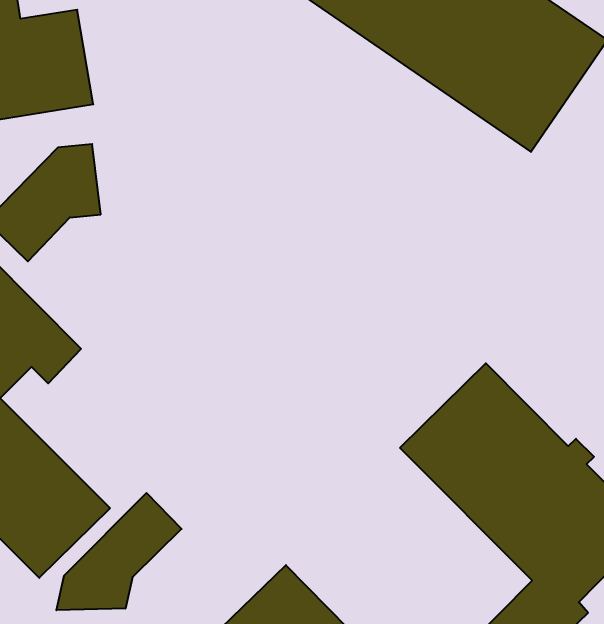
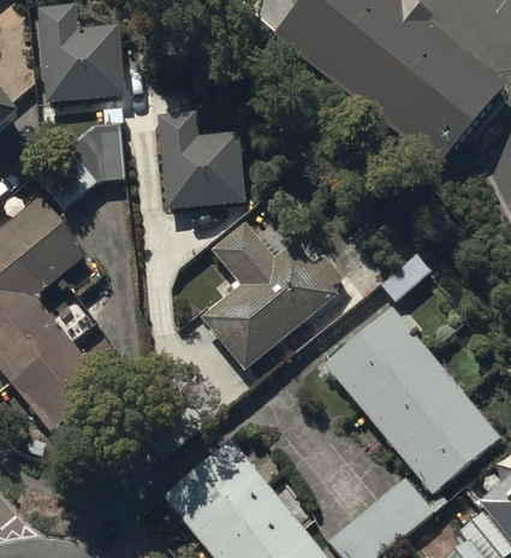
building: none -> [158,105,246,206]
building: none -> [202,222,340,369]
building: [56,493,182,610] -> none

